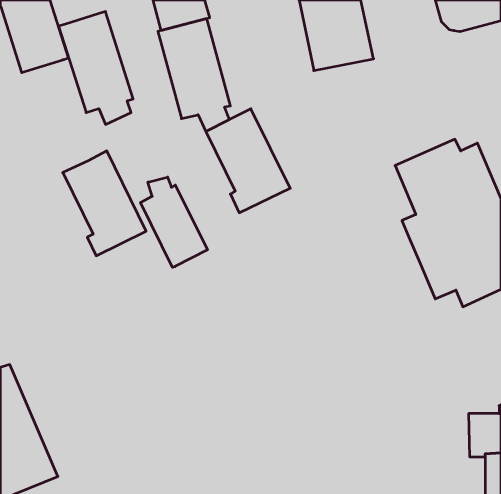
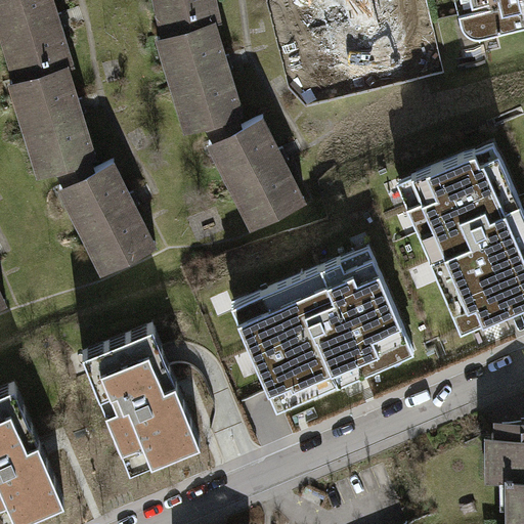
building: [59,12,133,124] -> [16,70,94,187]
building: [141,177,207,267] -> none
building: none -> [238,261,407,414]
building: none -> [79,329,196,474]

